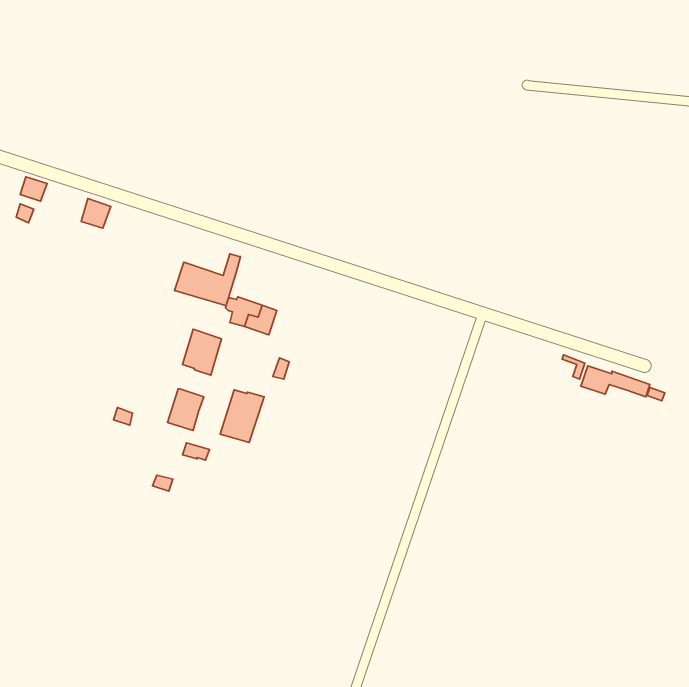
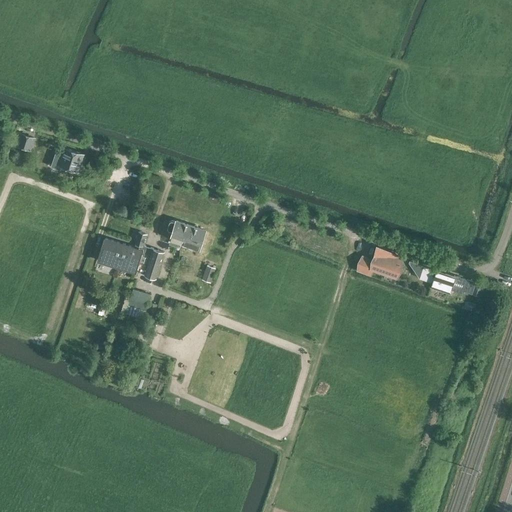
building: [174,254,241,307] -> [97,233,146,272]
building: none -> [357,252,401,277]
building: [220,390,264,443] -> none

